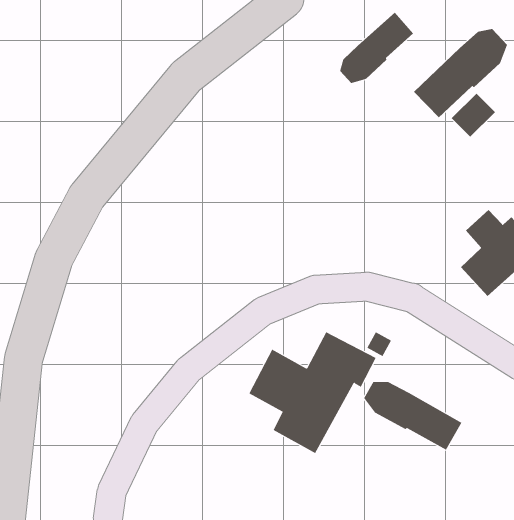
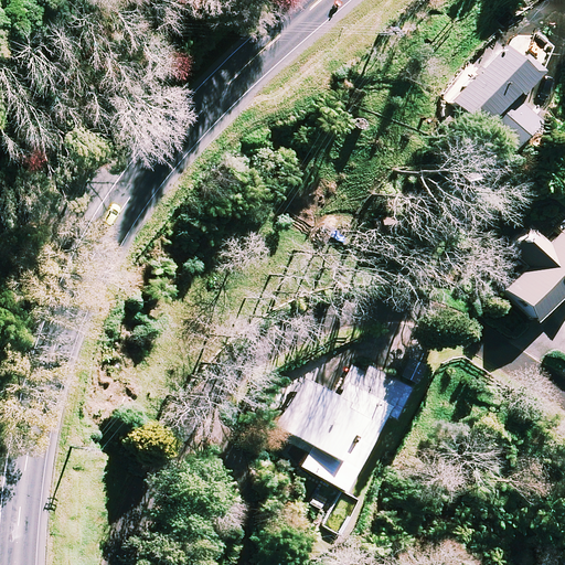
building: [339,12,414,84] -> none
building: [364,381,462,450] -> none

